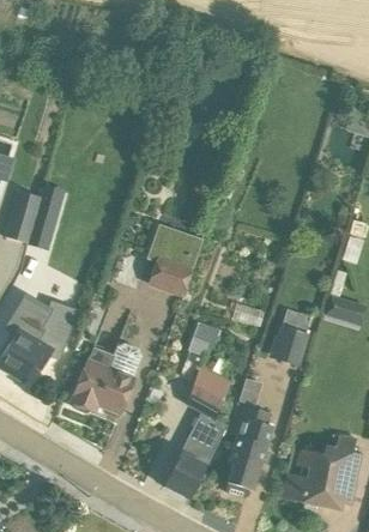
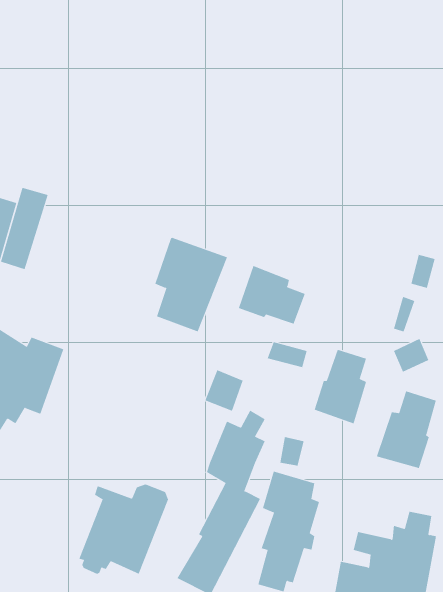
building: none -> [238,265,305,324]
building: none -> [376,391,437,469]
building: [72,344,141,413] -> [78,484,169,574]

